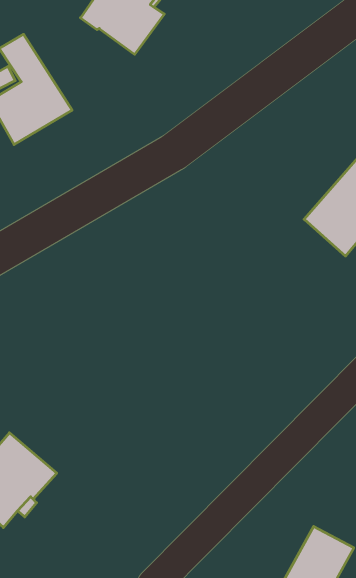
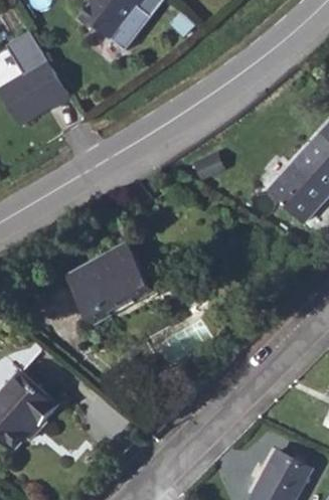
building: none -> [67,243,153,322]

